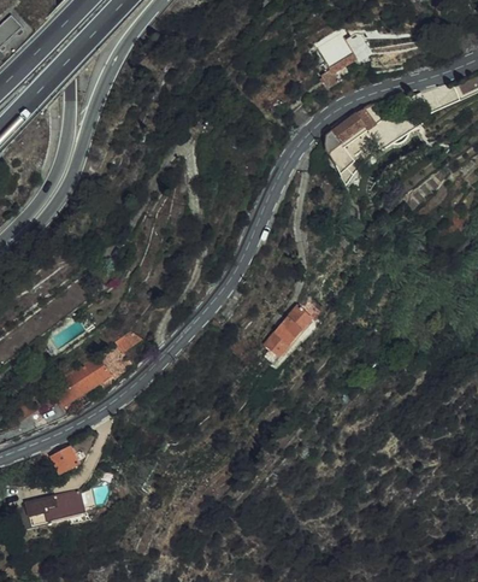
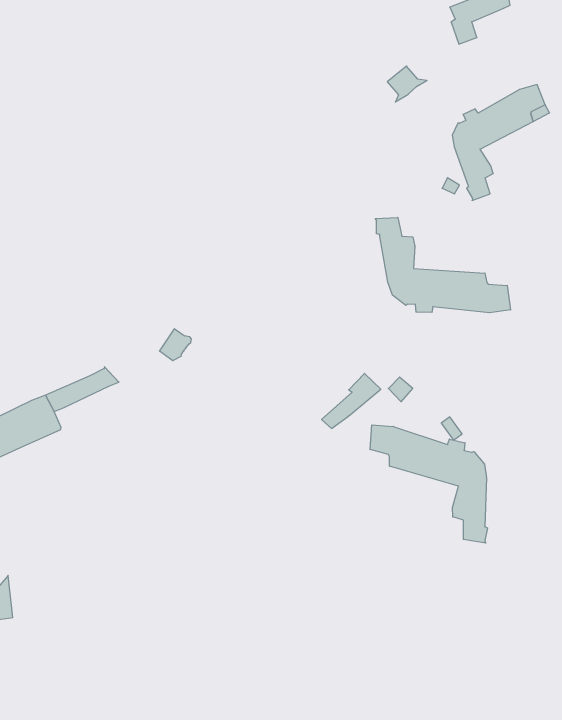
building: none -> [375,217,511,313]
building: none -> [370,425,488,543]

